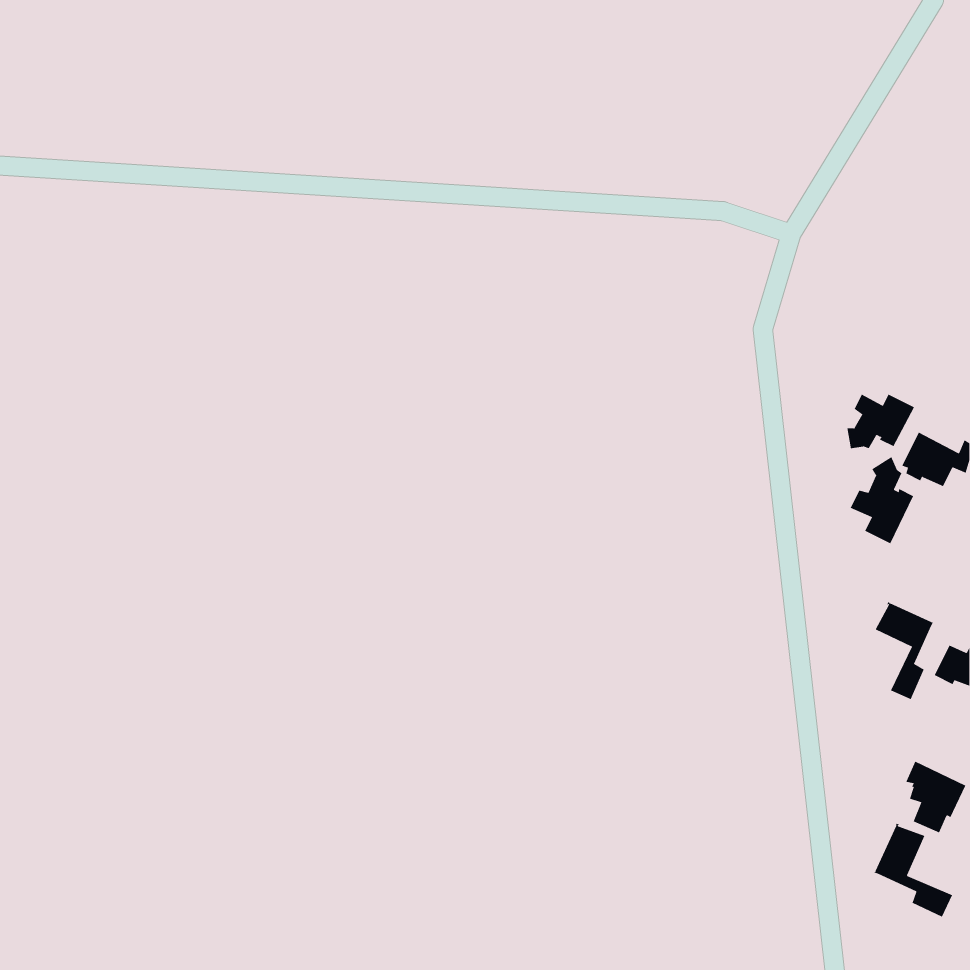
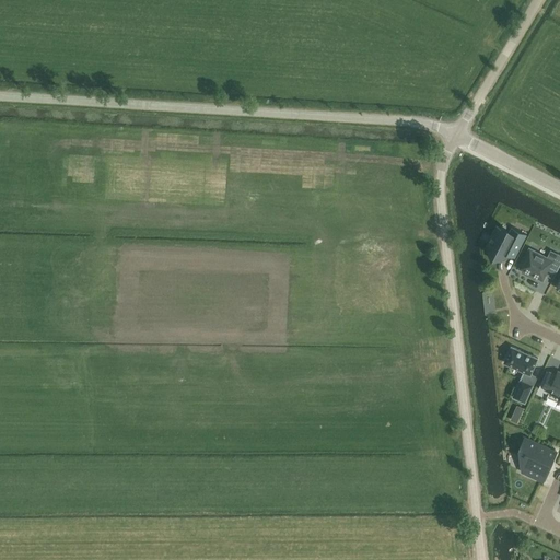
building: [850,456,914,544] -> none
building: [873,823,953,918] -> none

